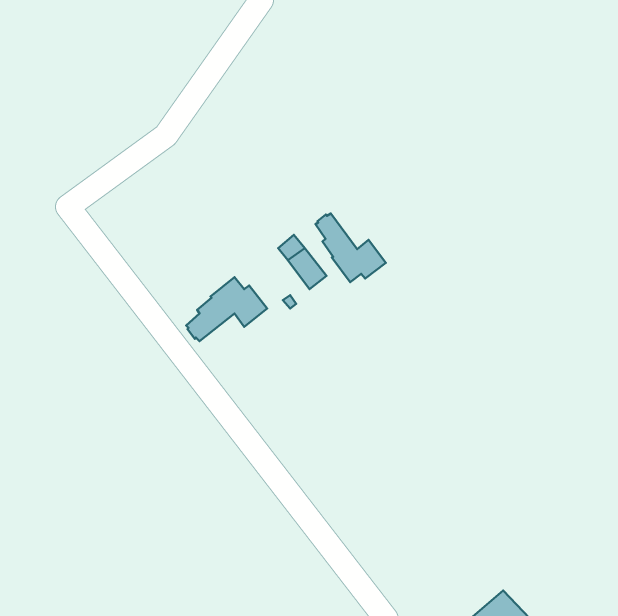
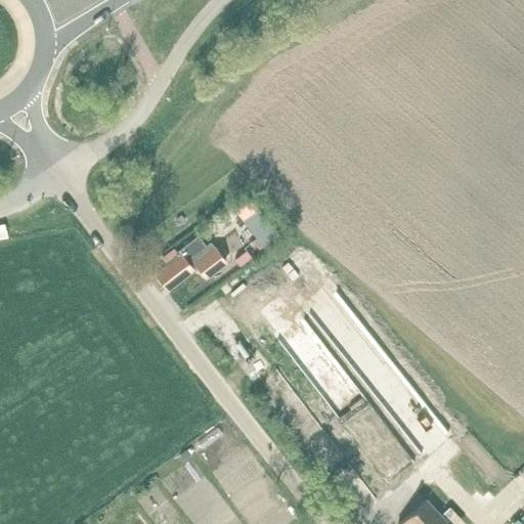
building: [316,214,386,282] -> none

